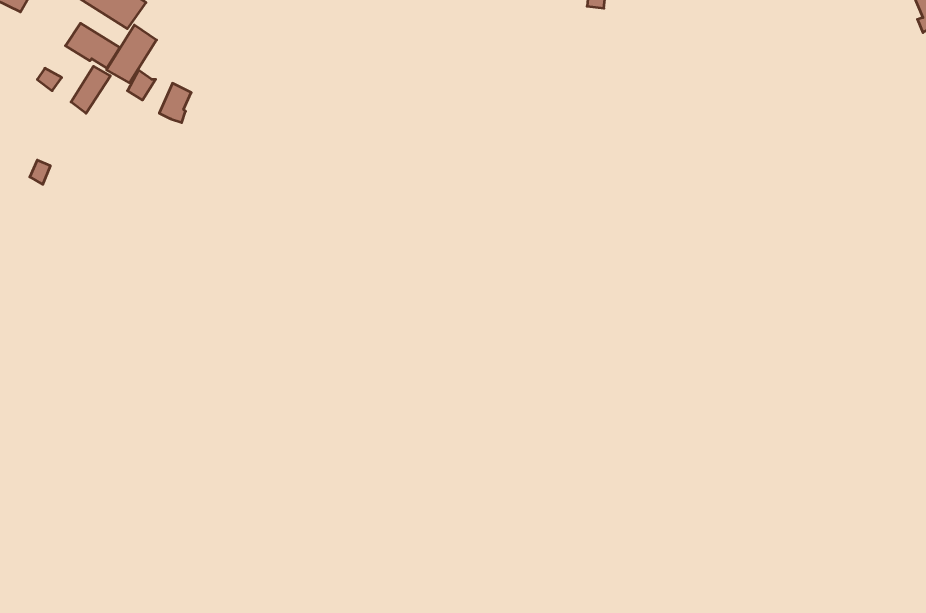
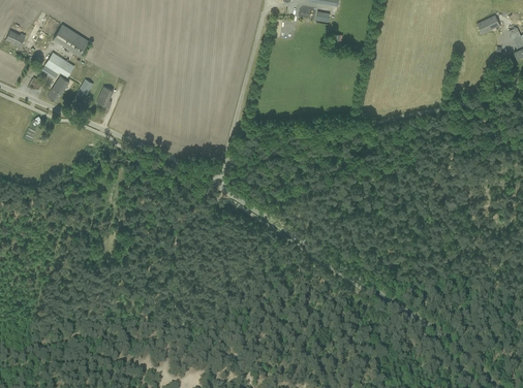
building: [107,25,157,83] -> none

